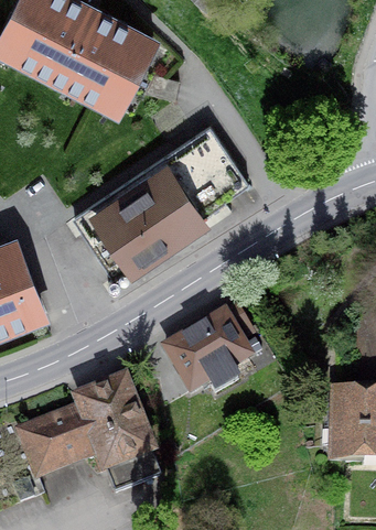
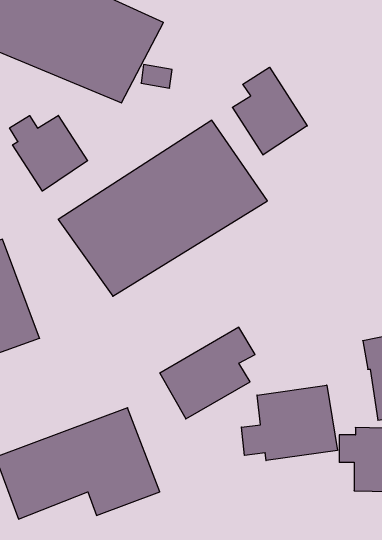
building: none -> [232,67,307,155]
building: none -> [10,115,88,191]
building: none -> [241,385,337,461]

